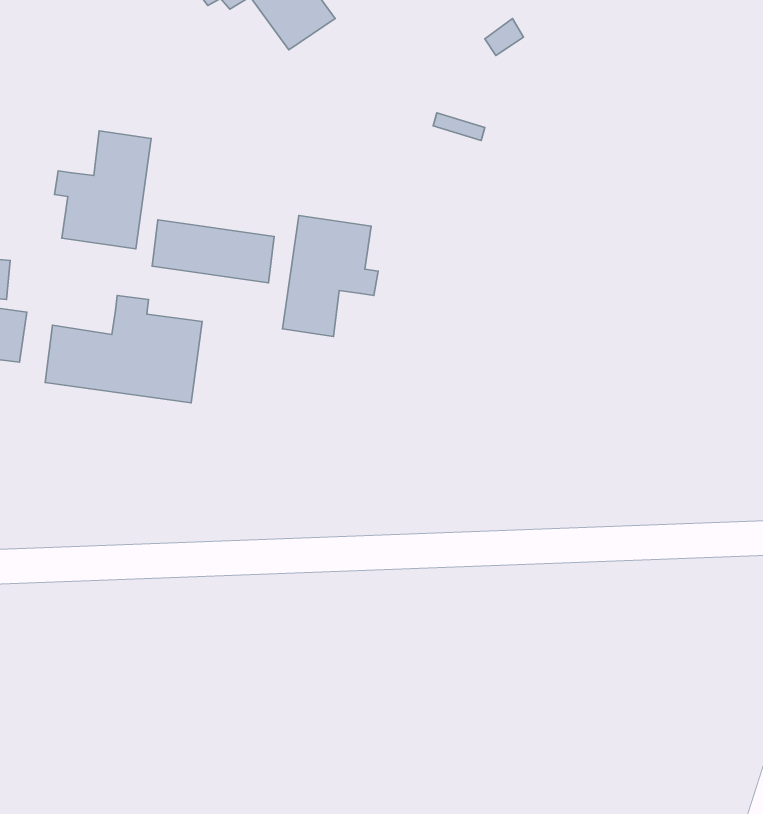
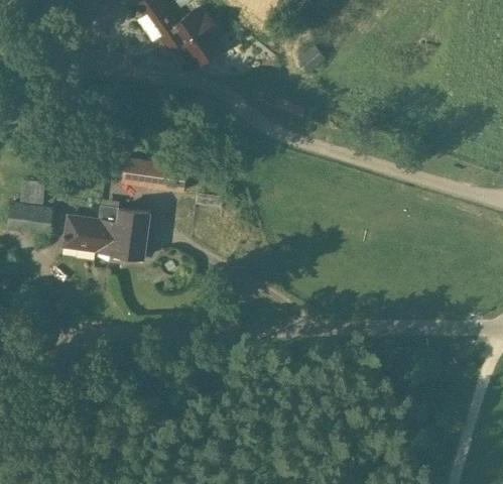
building: [54,131,151,249] -> none
building: [283,216,378,337] -> none

